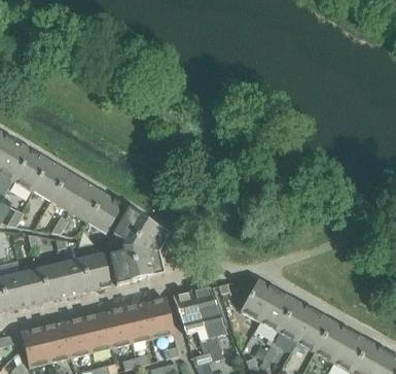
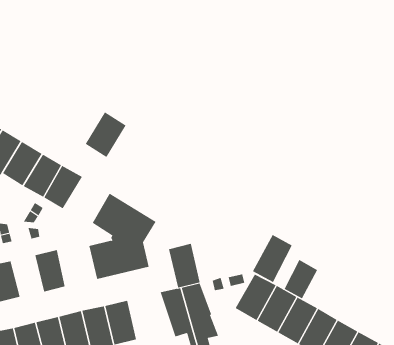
building: [86,192,123,233] -> [85,112,126,158]
building: none -> [252,234,292,283]
building: [81,251,110,290] -> none
building: [40,262,69,299] -> none
building: none -> [284,259,318,299]
building: [144,297,173,337] -> [168,243,201,288]

